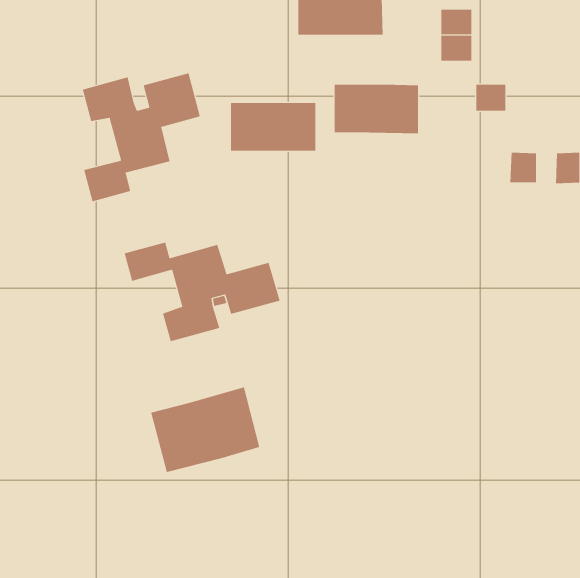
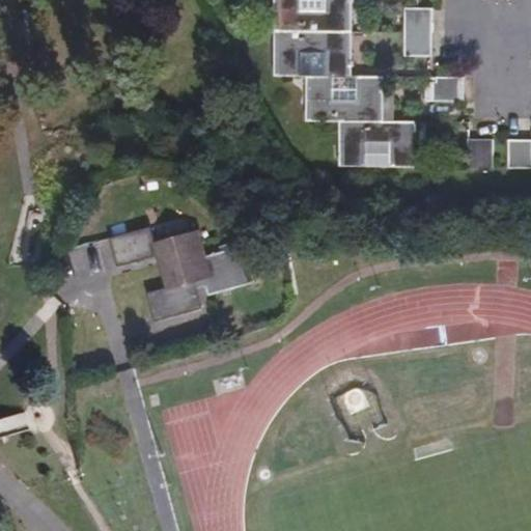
building: [82,72,200,202] -> none
building: [230,102,316,151] -> [272,32,351,77]
building: none -> [337,121,415,168]
building: [151,387,260,473] -> none

